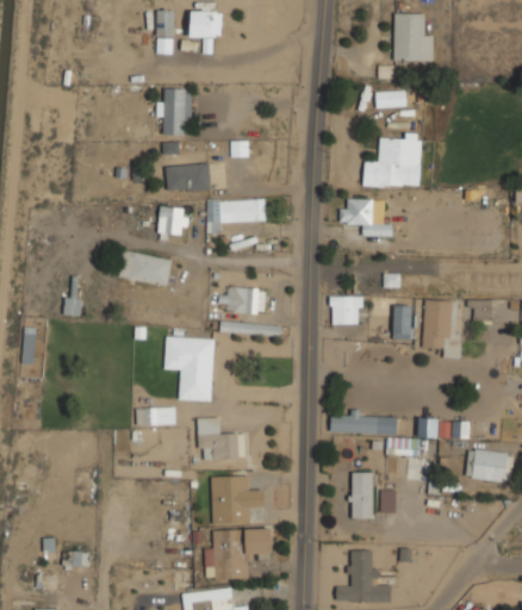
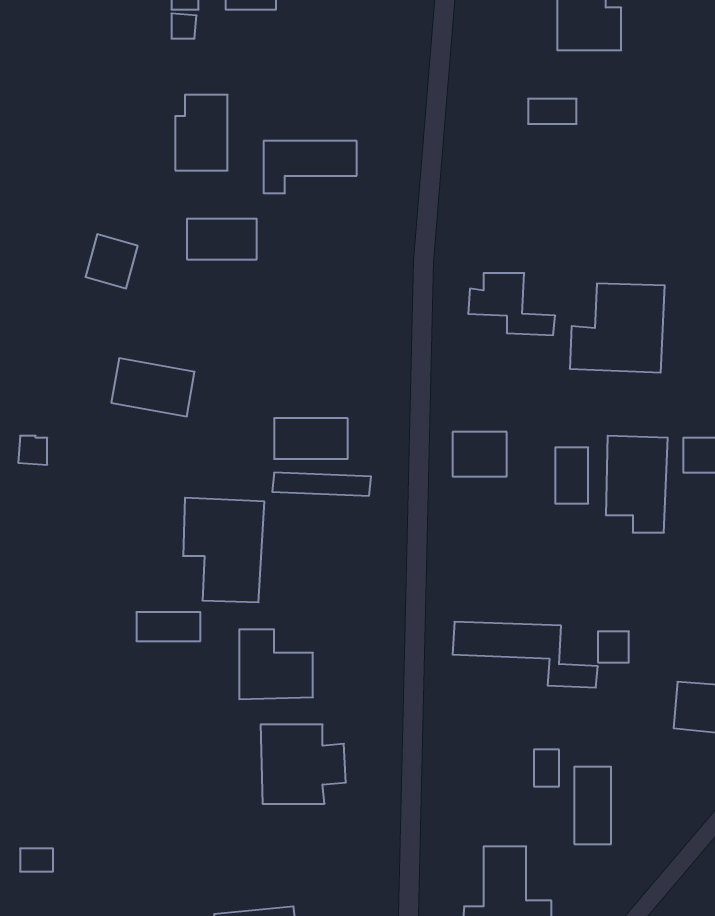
building: [363,135,422,189] -> [570,284,665,373]
building: [207,201,265,234] -> [264,141,357,193]
building: [157,205,189,238] -> [85,234,138,289]
building: [350,472,373,519] -> [574,767,611,844]
building: [205,529,272,580] -> none

